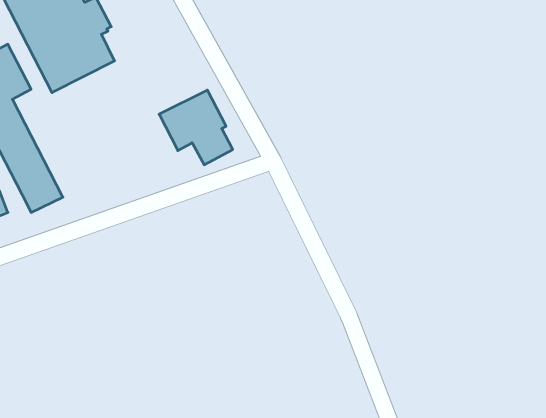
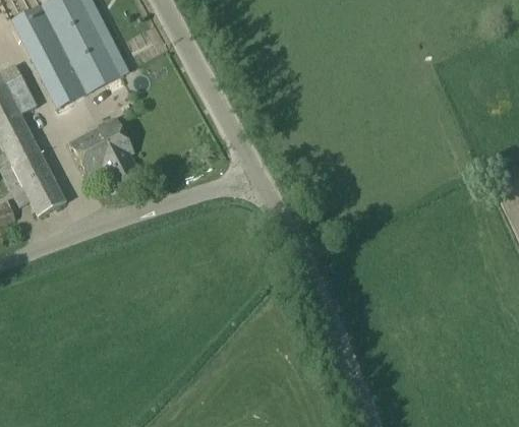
building: [159,90,233,165] -> [71,118,139,187]

